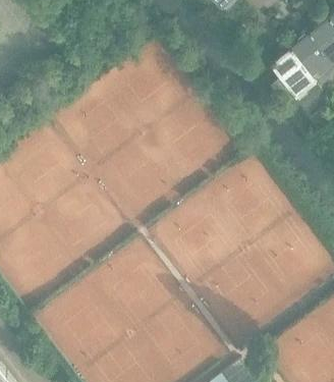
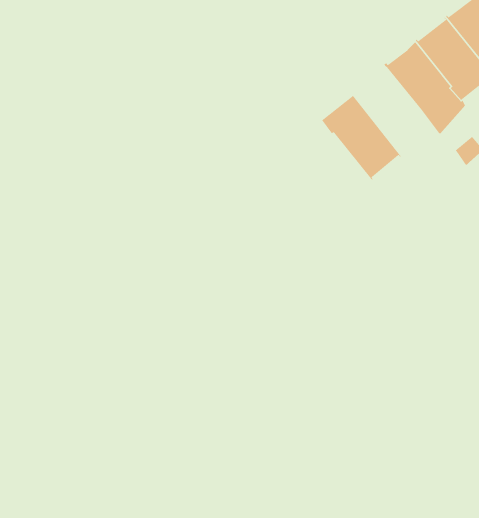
building: none -> [321,95,402,181]

